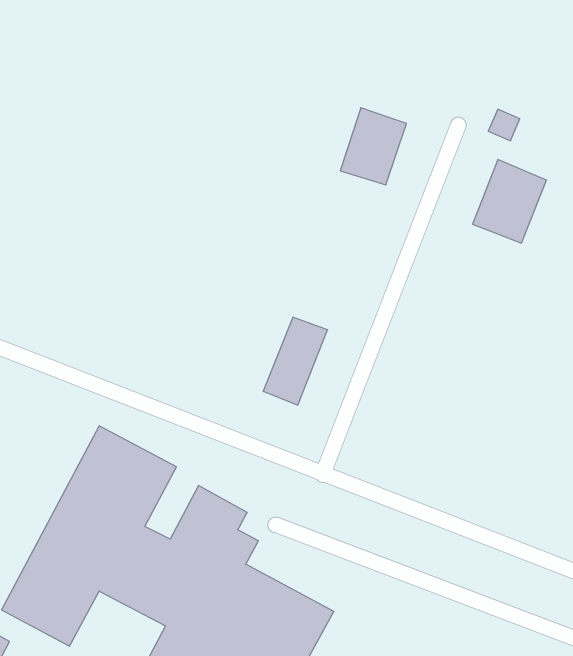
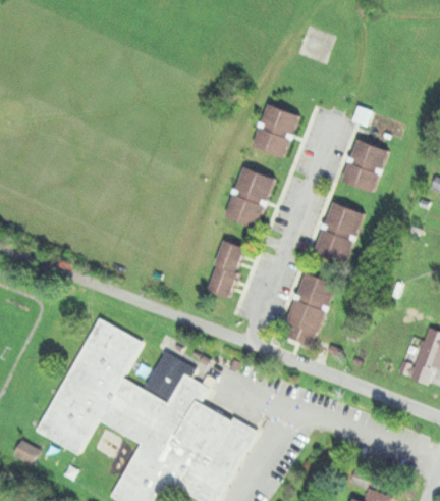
building: none -> [224,167,275,230]
building: none -> [313,203,364,264]
building: none -> [281,273,337,350]

